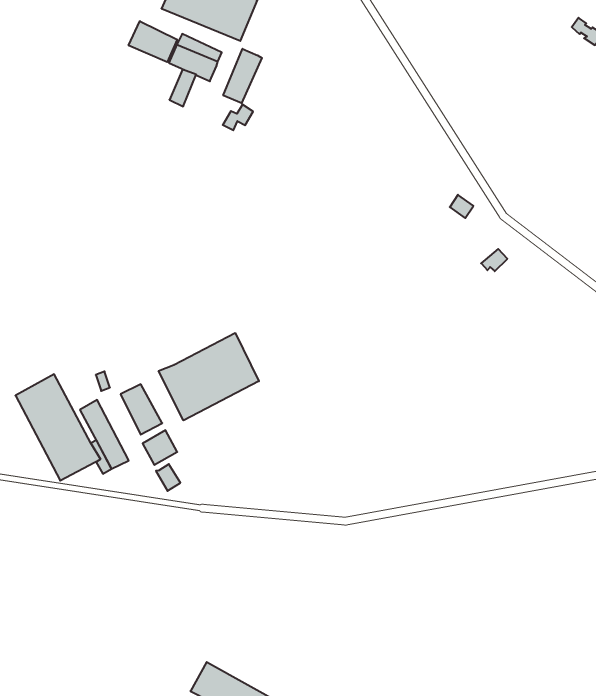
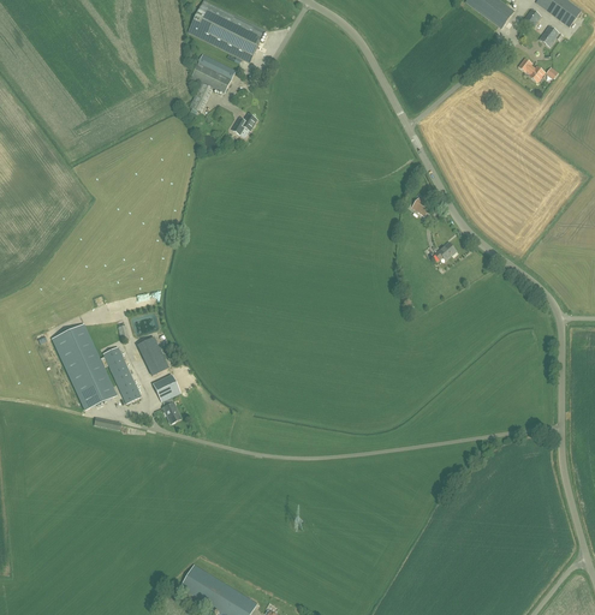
building: [129,21,177,62] -> none
building: [223,49,262,103] -> none
building: [159,333,259,420] -> none

